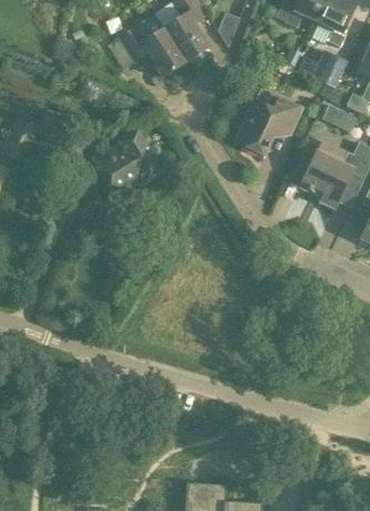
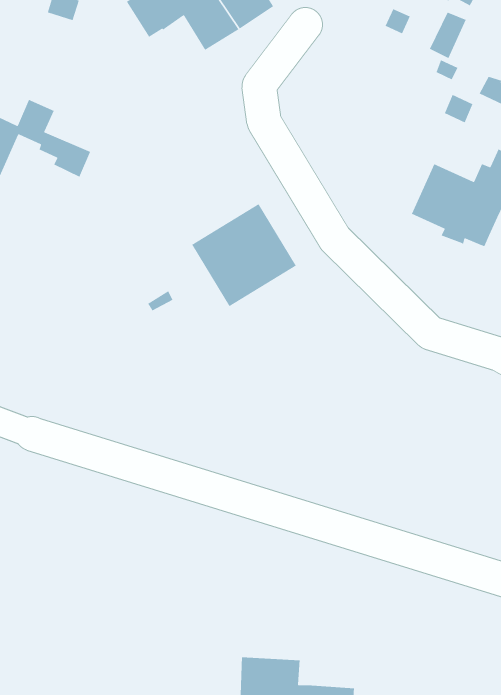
building: [237,96,304,154] -> none
building: [93,129,163,199] -> [191,203,297,307]

